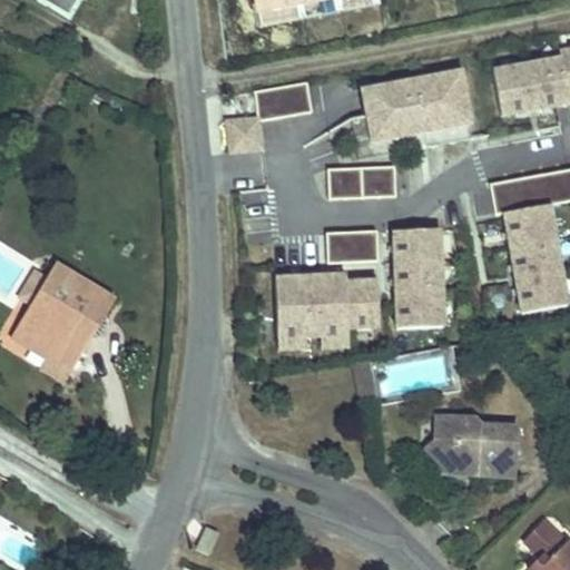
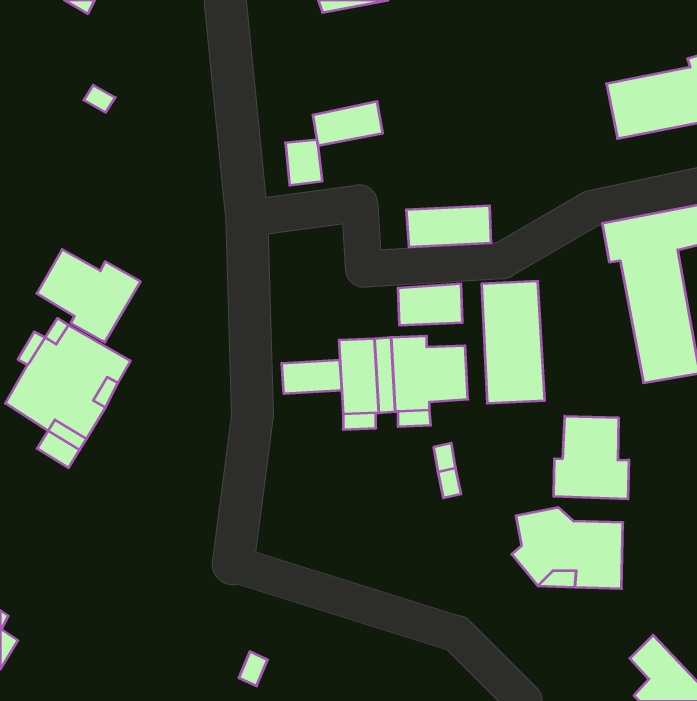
building: [372,69,478,138] -> none
building: none -> [37,249,140,342]
building: none -> [282,360,342,394]
building: none -> [554,416,629,499]

